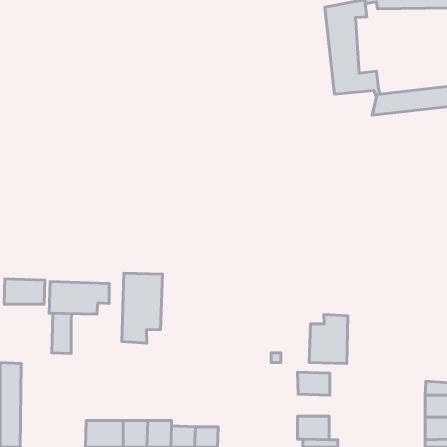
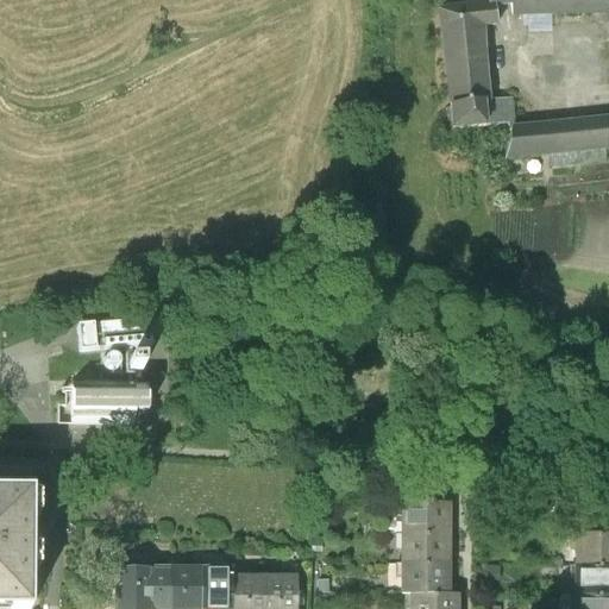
building: [122,273,163,343] -> none
building: [4,279,45,304] -> none
building: [52,313,72,354] -> none
building: [309,315,348,363] -> none
building: none -> [406,533,450,563]

